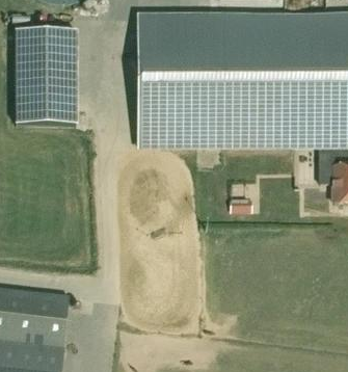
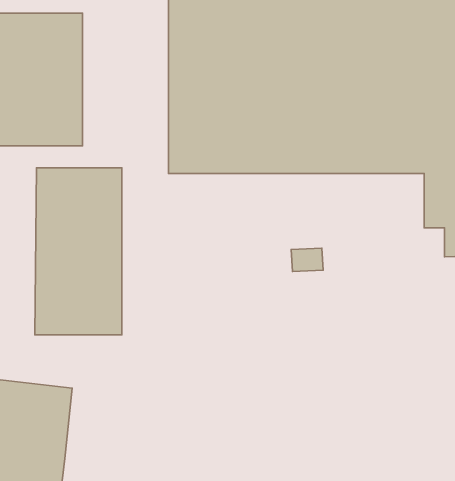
building: none -> [35,168,122,335]

